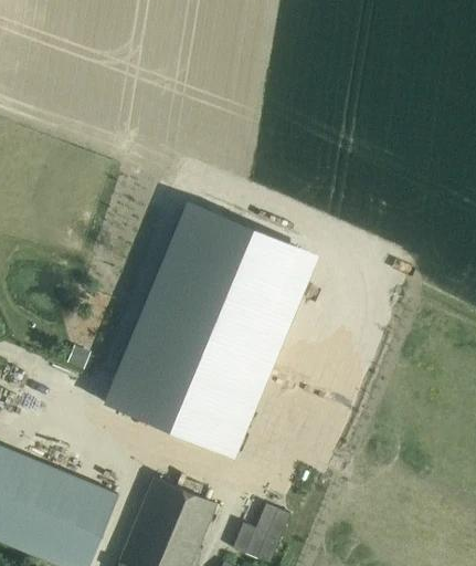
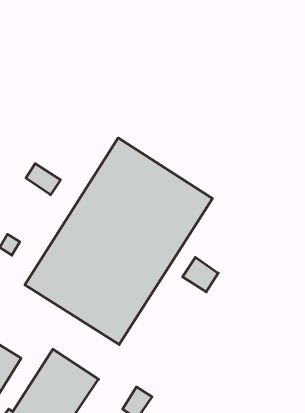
building: none -> [26,164,60,195]
building: none -> [183,257,218,292]

